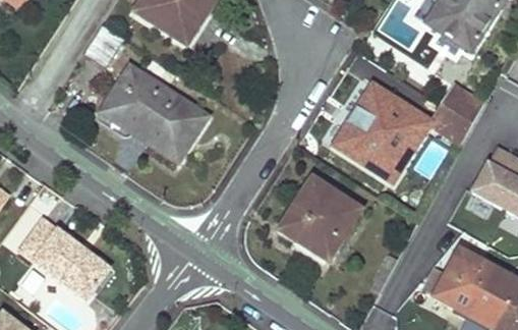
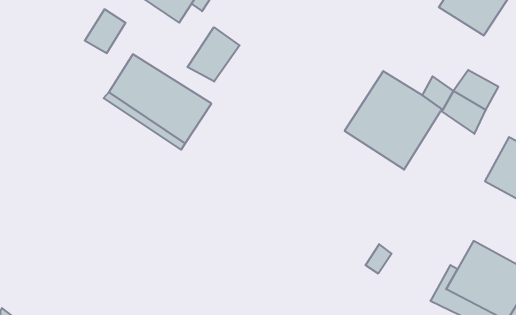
building: none -> [187,27,240,82]
building: [280,178,359,260] -> none
building: [19,218,110,300] -> none

